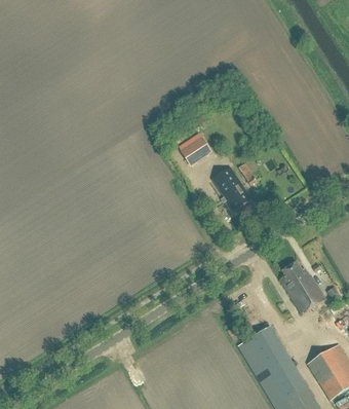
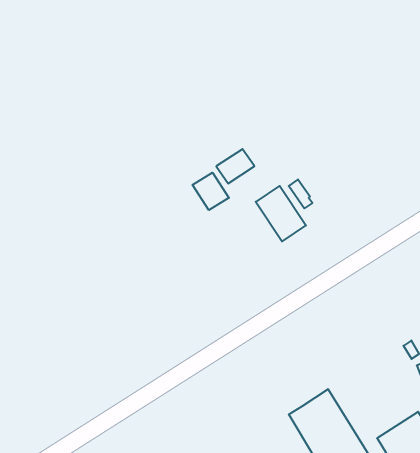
building: none -> [193,173,229,210]
building: [278,261,324,313] -> none

